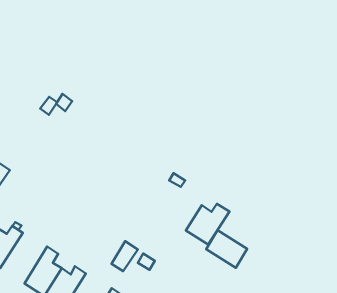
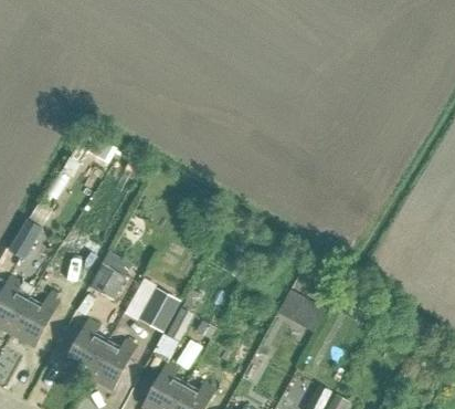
building: none -> [88,262,125,300]
building: [186,204,229,244] -> none
building: none -> [138,287,179,332]

